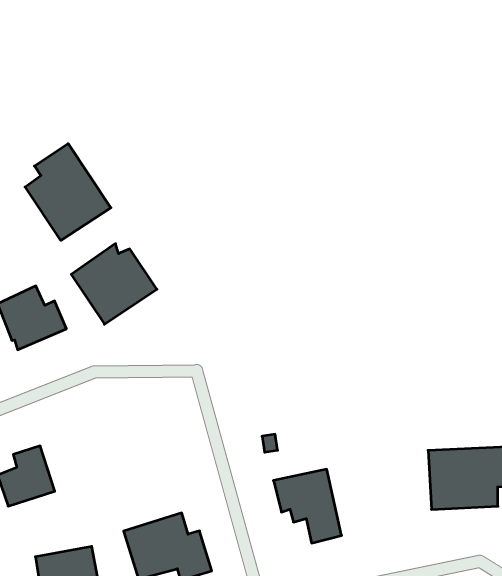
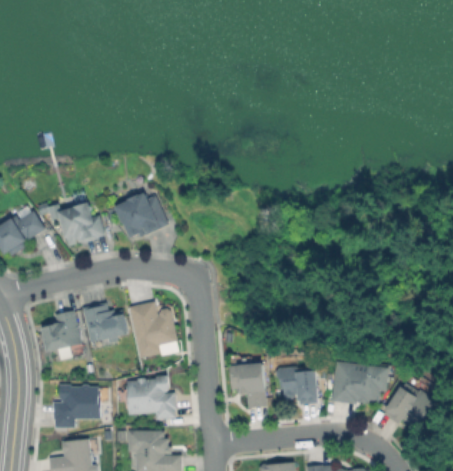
building: [25,144,111,240] -> none
building: none -> [128,300,176,359]
building: none -> [86,307,130,346]
building: none -> [276,367,318,403]

